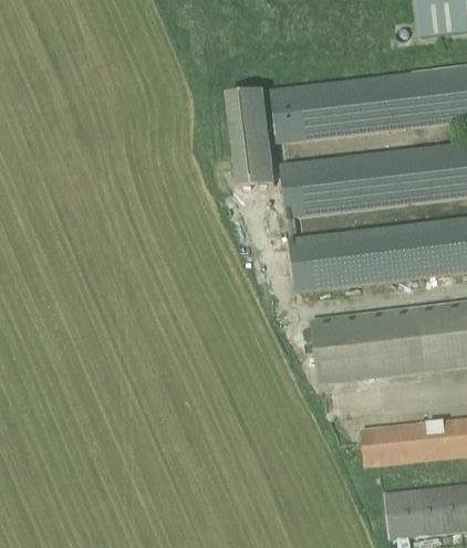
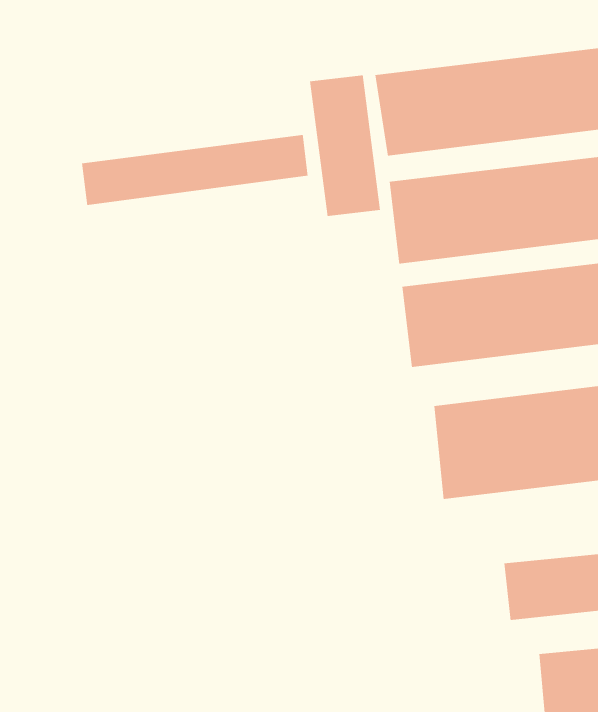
building: none -> [82,134,308,206]

